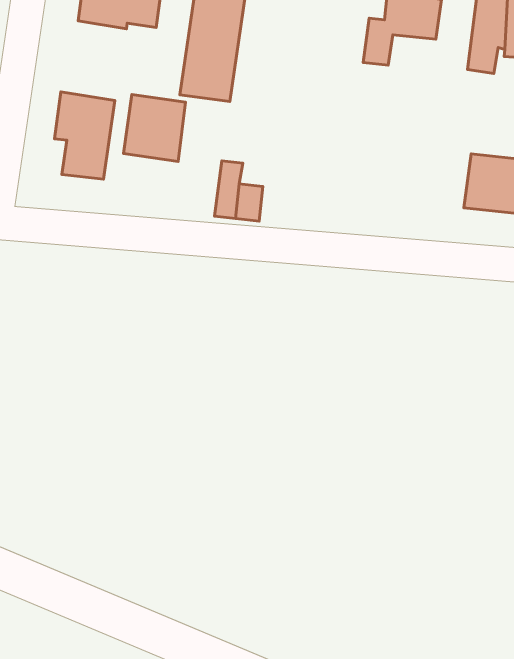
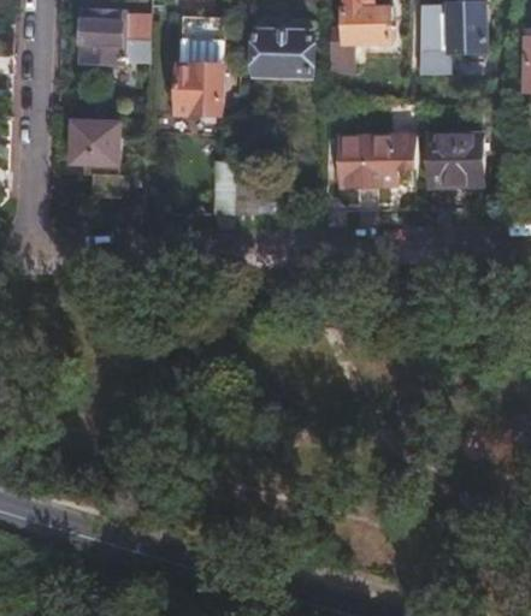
building: none -> [258,29,315,75]
building: [124,95,185,161] -> none
building: none -> [342,135,418,186]

